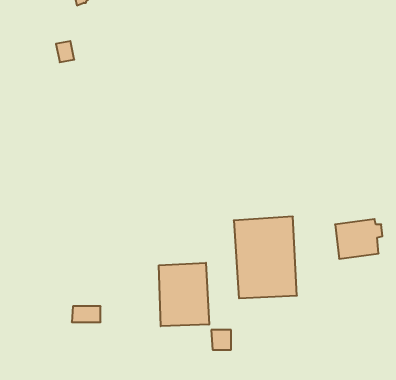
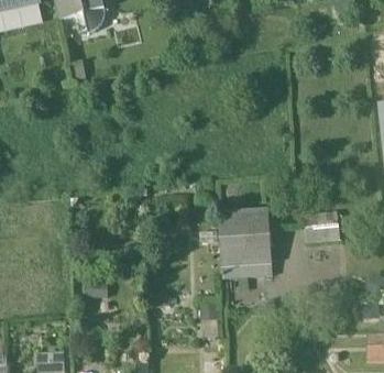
building: [159,263,209,326] -> none

